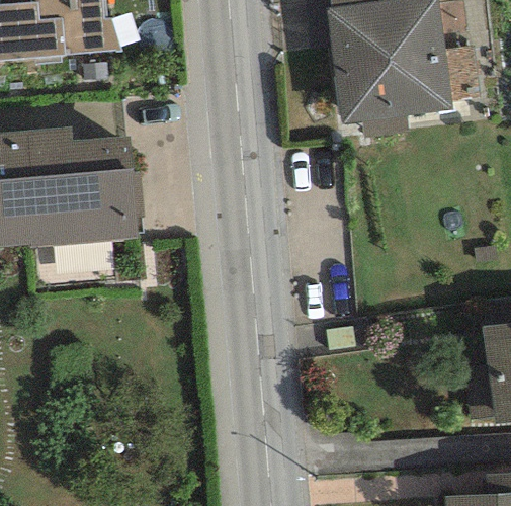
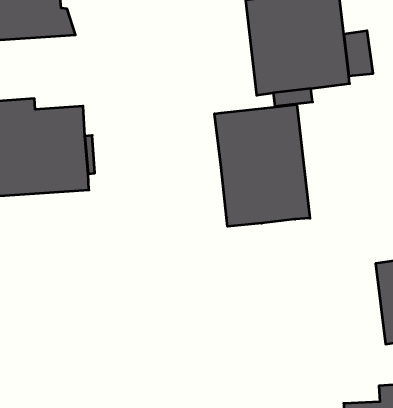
building: none -> [215,104,310,226]

